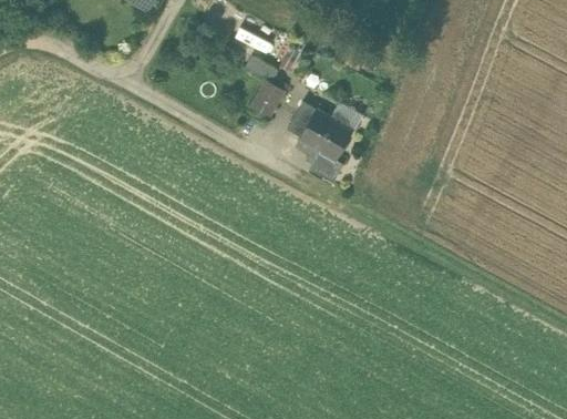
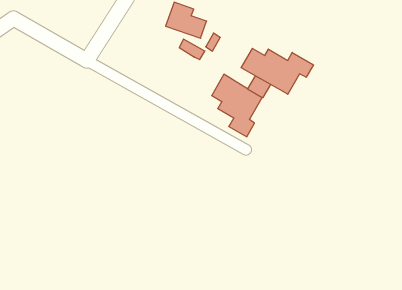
building: none -> [241,48,314,94]
building: [247,79,285,121] -> none

